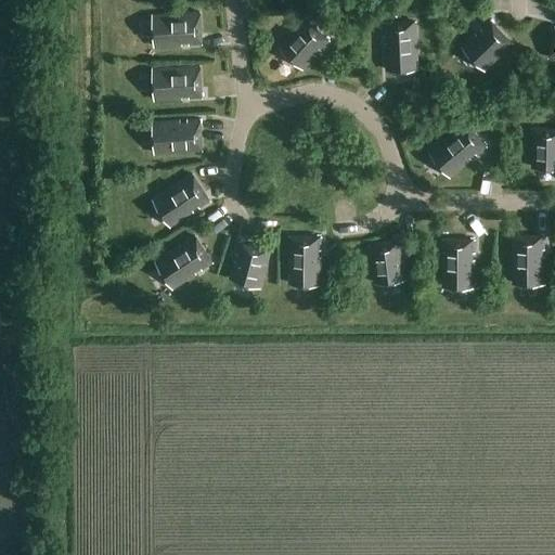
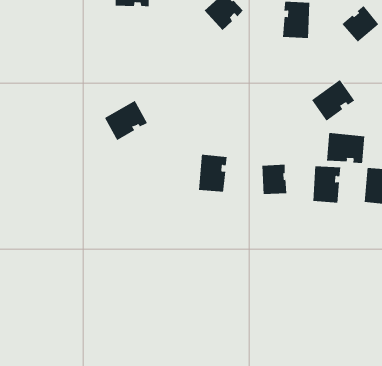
building: [151,64,202,102] -> none
building: [151,117,201,155] -> none
building: none -> [326,132,365,164]
building: [154,235,212,291] -> none
building: [230,241,271,286] -> none

